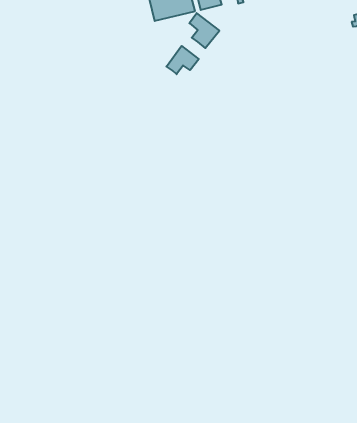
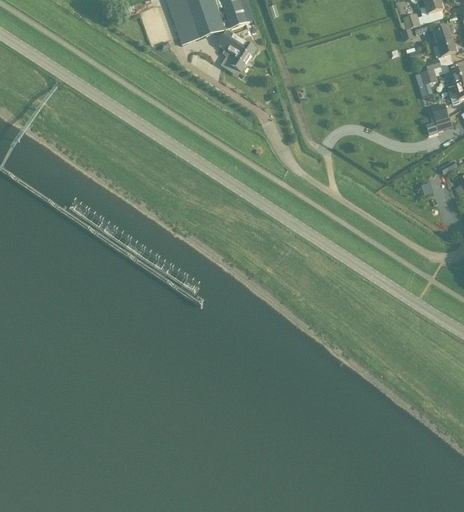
building: [166,46,199,74] -> none

